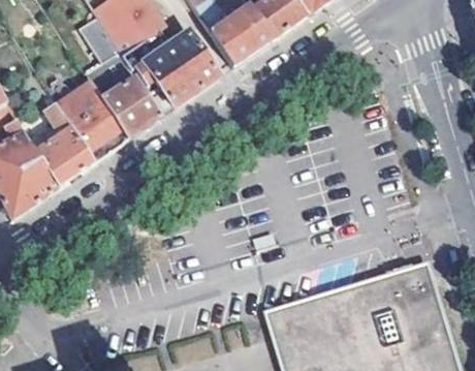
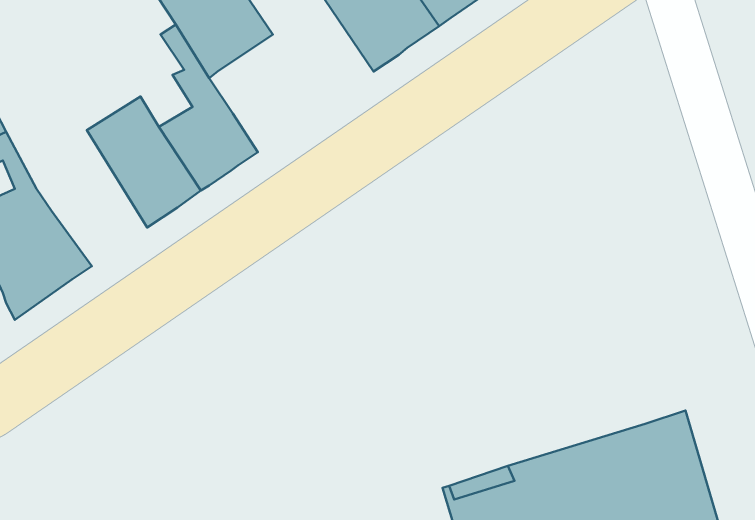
building: [137,29,220,114] -> none
building: [35,100,94,184] -> none

